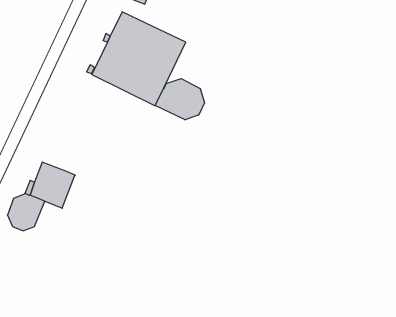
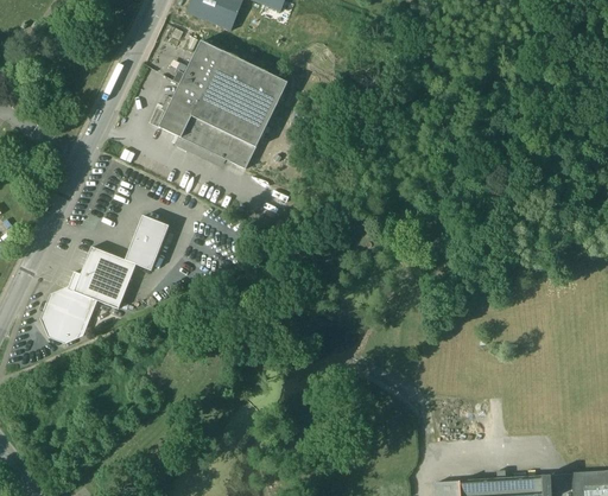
building: [155,79,205,120] -> none
building: none -> [125,216,169,272]

